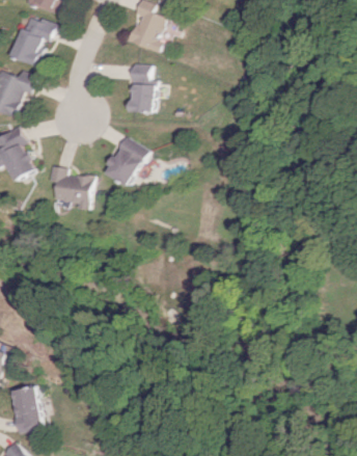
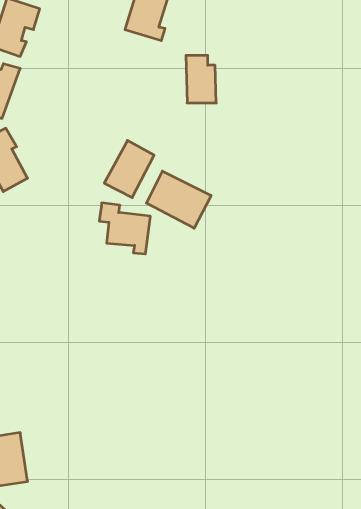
building: [130,71,156,111] -> [186,55,216,103]
building: none -> [146,171,211,228]
building: [54,165,98,209] -> [99,203,150,254]

